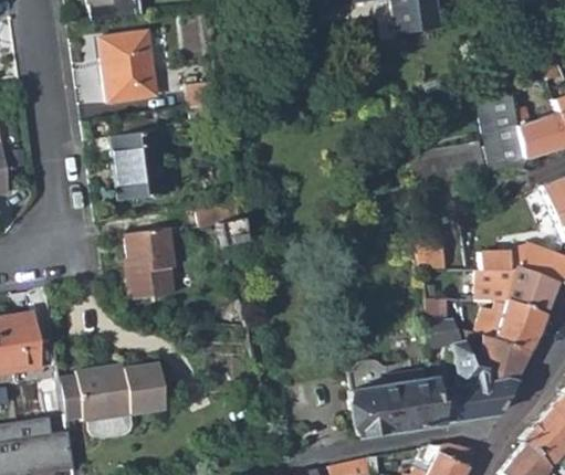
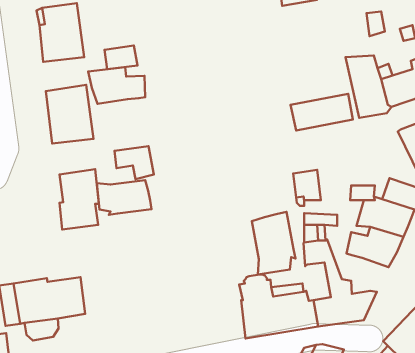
building: none -> [88,67,145,104]
building: none -> [97,180,151,215]
building: none -> [252,212,296,275]
building: [481,336,526,382] -> none

